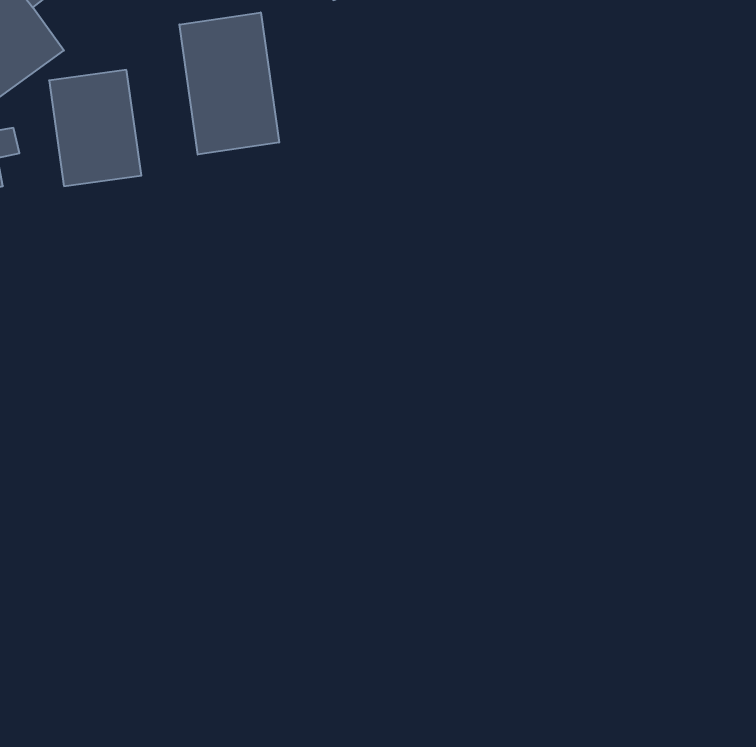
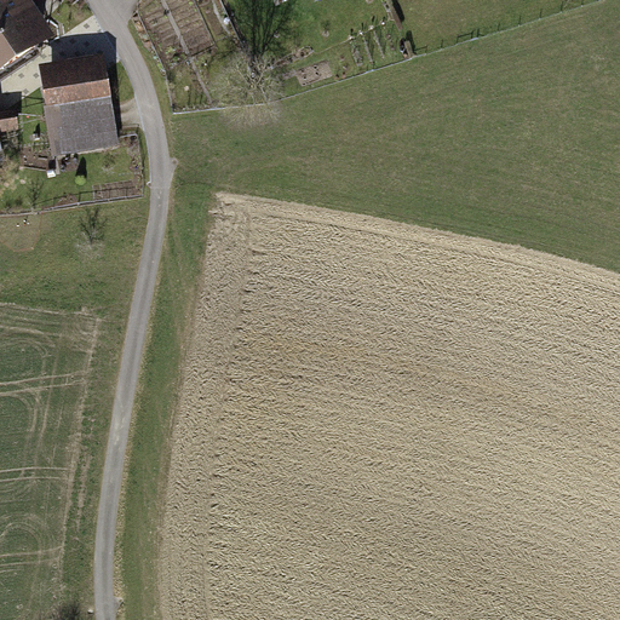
building: [179,12,279,155] -> none

